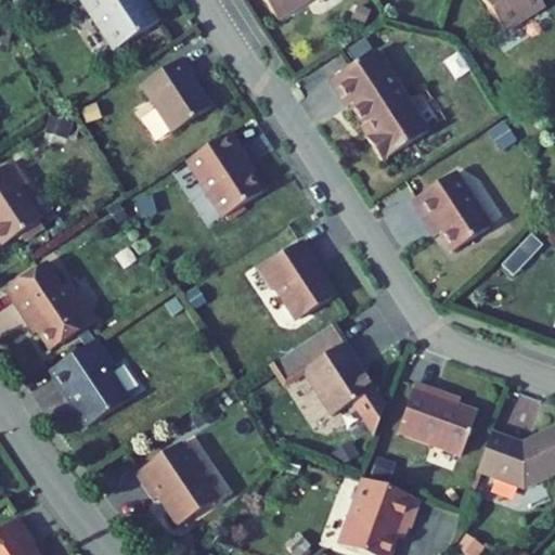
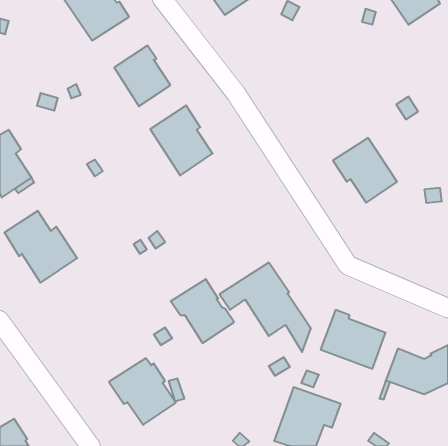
building: [330,49,428,159] -> none
building: [257,241,335,320] -> [171,279,234,343]
building: [50,338,127,425] -> none
building: [500,391,537,428] -> none

